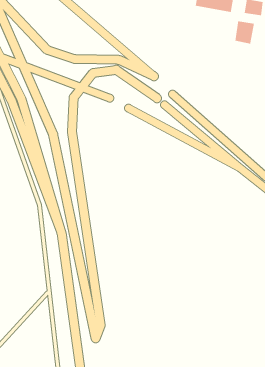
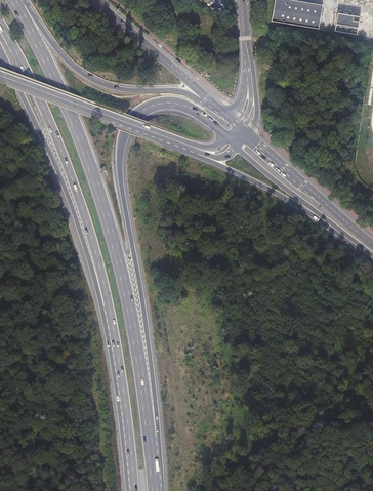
building: [235,20,255,45] -> none

